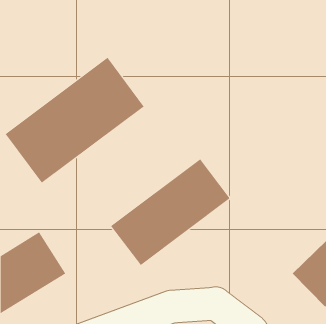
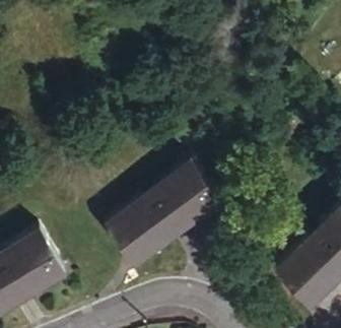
building: [5,57,145,184] -> none

